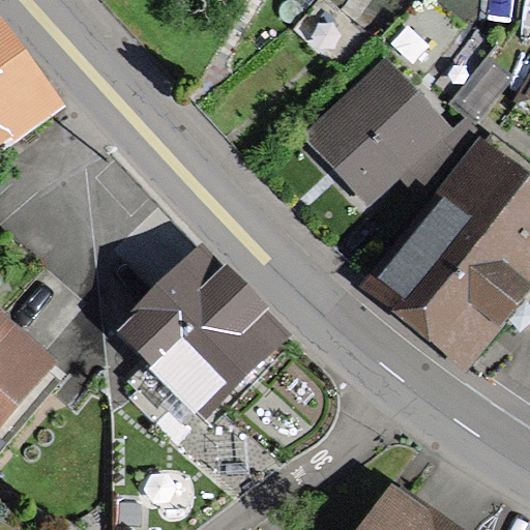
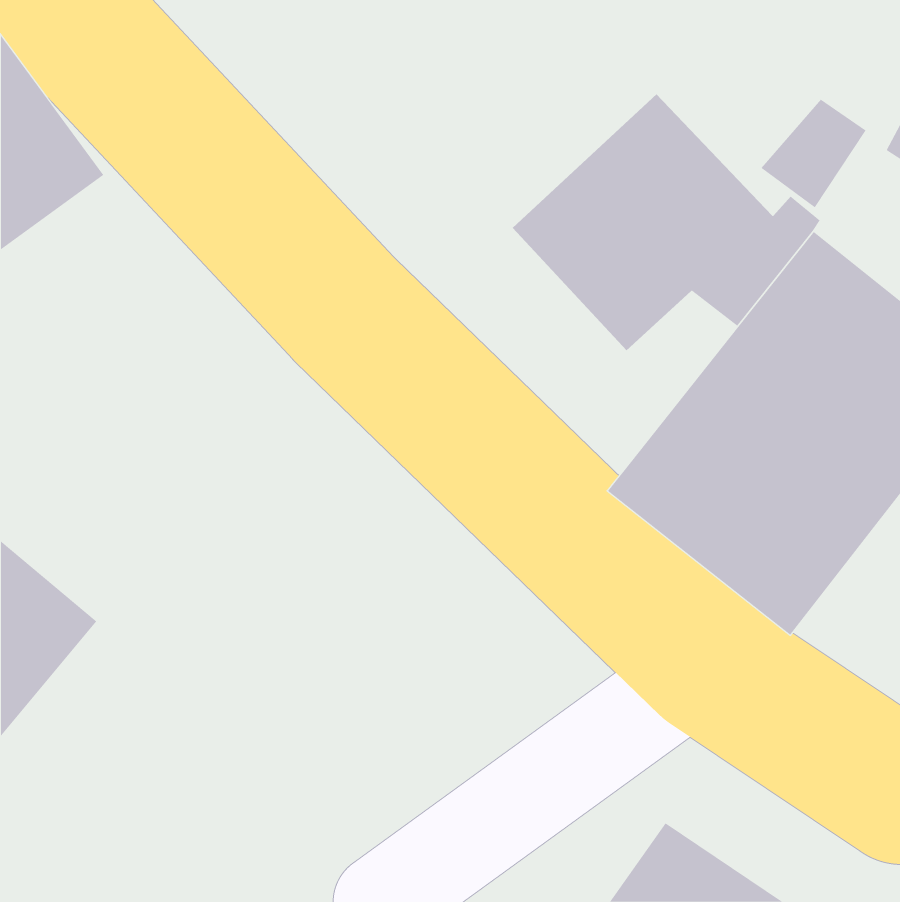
building: [112,243,292,419] -> none

